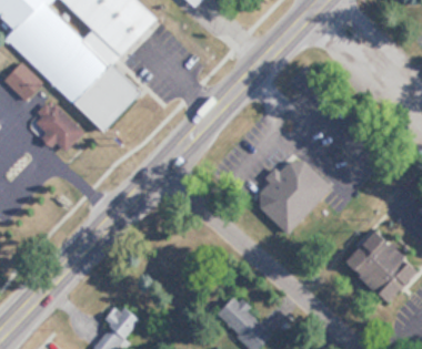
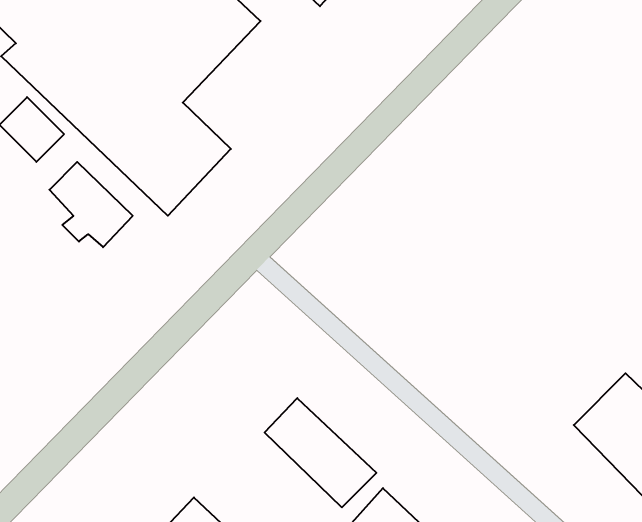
building: [253,155,331,234] -> none
building: none -> [265,398,376,507]

